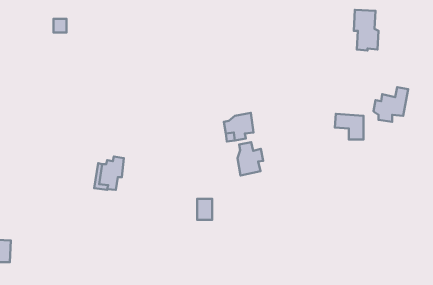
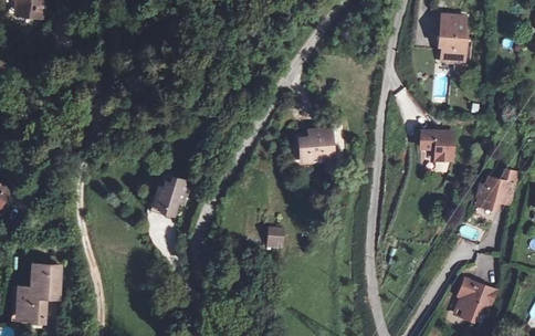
building: [373,87,408,122] -> [478,166,516,204]
building: [238,142,263,175] -> none
building: none -> [455,277,493,317]

